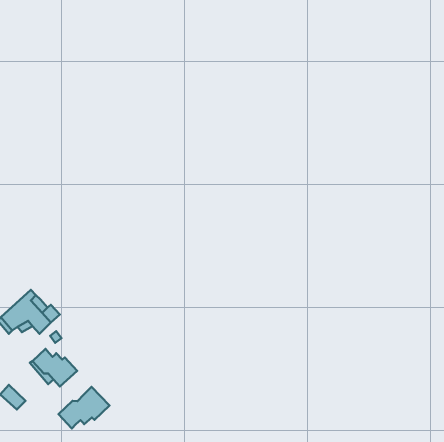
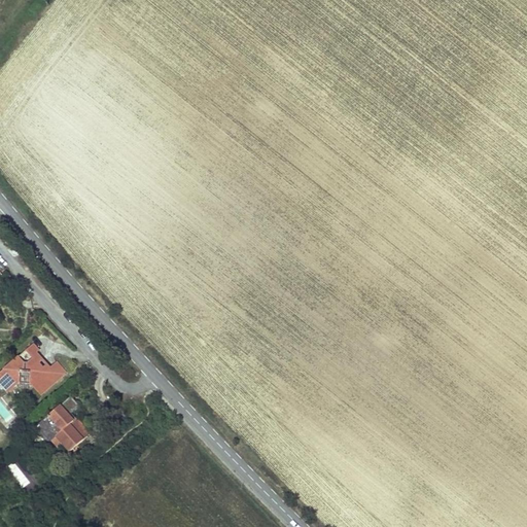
building: [58,387,110,429] -> none

